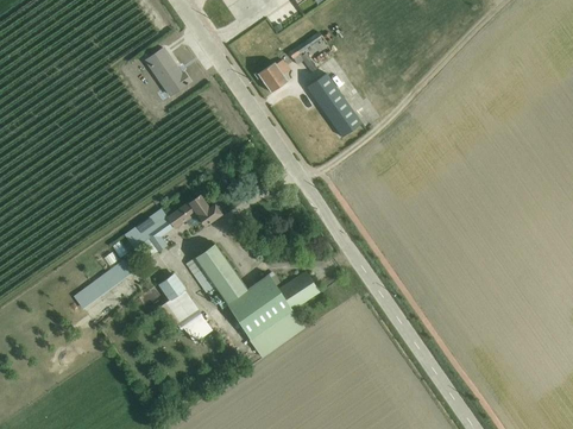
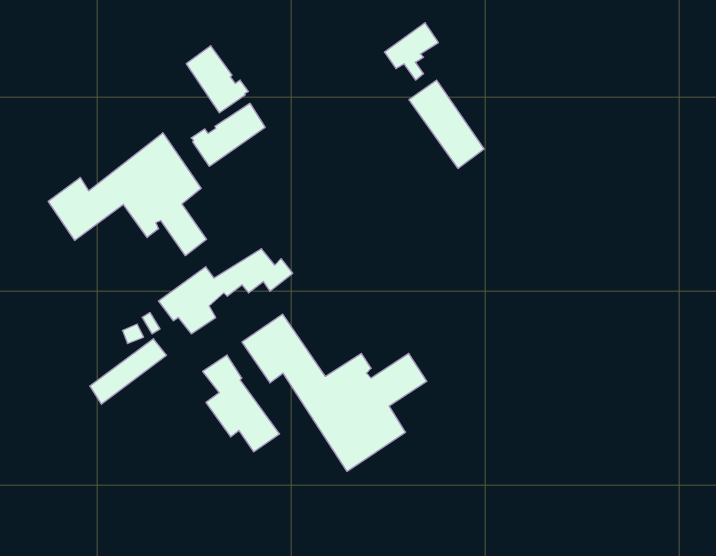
building: [258,58,290,92] -> none
building: none -> [191,103,265,166]
building: none -> [48,133,207,256]

